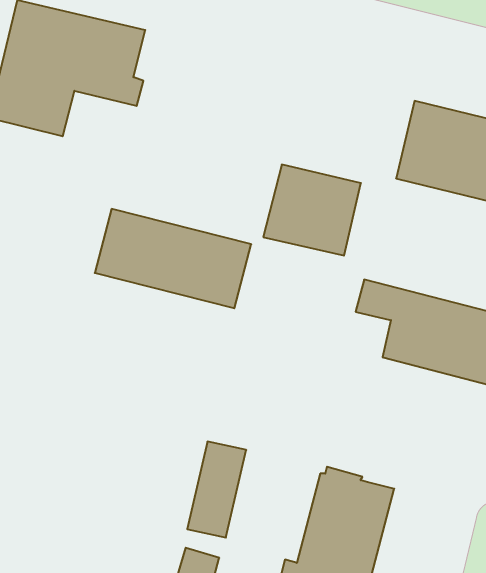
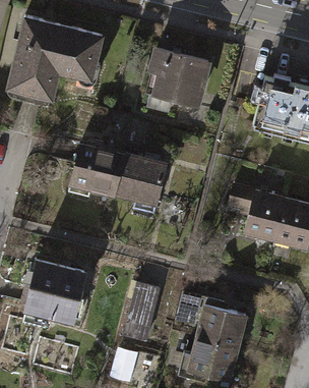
building: [263,165,361,256] -> [148,52,207,107]
building: none -> [22,253,87,326]

